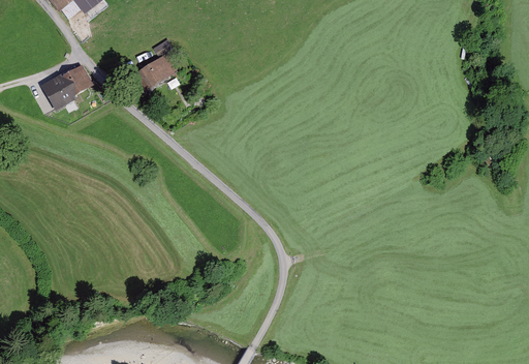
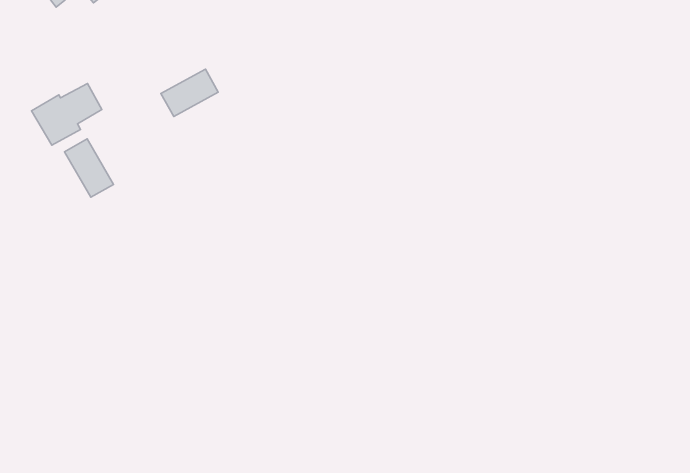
building: none -> [64,139,113,197]

